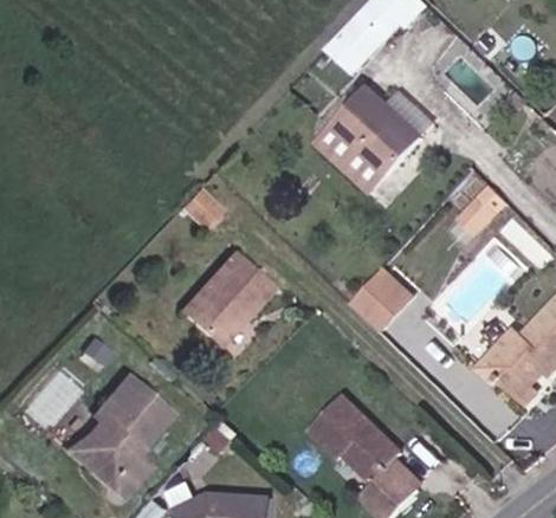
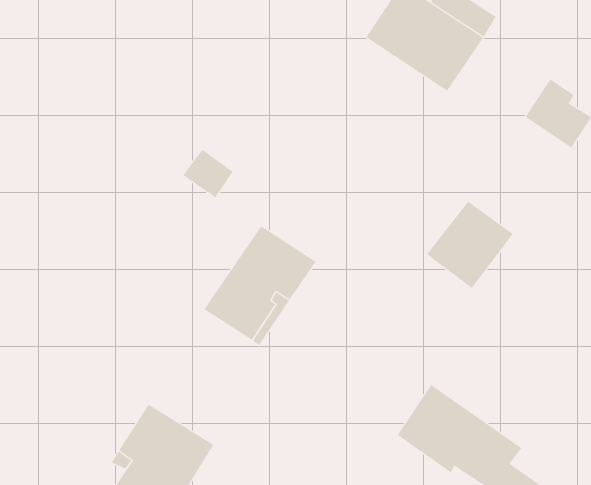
building: [315,123,387,192] -> none

